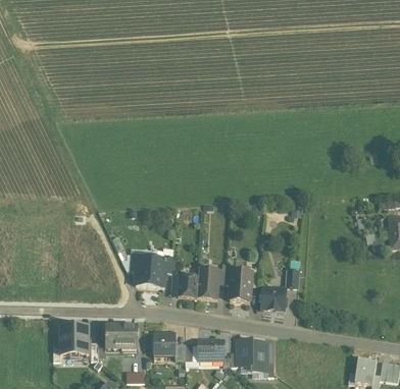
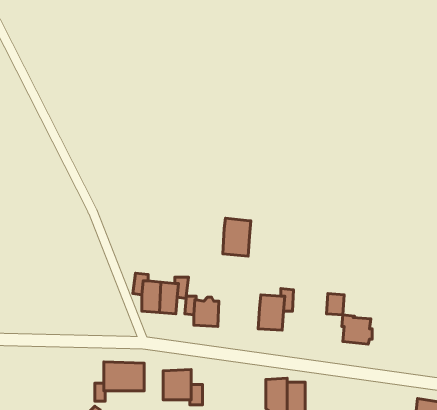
building: [197,268,219,298] -> [223,218,251,256]
building: [261,286,286,310] -> [342,315,372,344]
building: [59,326,89,354] -> none
building: [198,338,223,359] -> none

